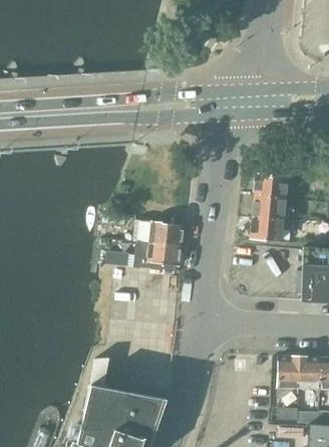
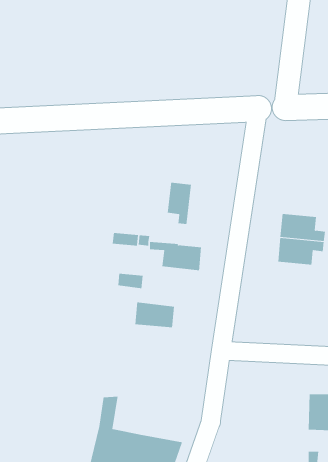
building: none -> [167,182,192,225]
building: [255,174,288,199] -> none
building: [145,243,182,266] -> [134,302,175,328]

